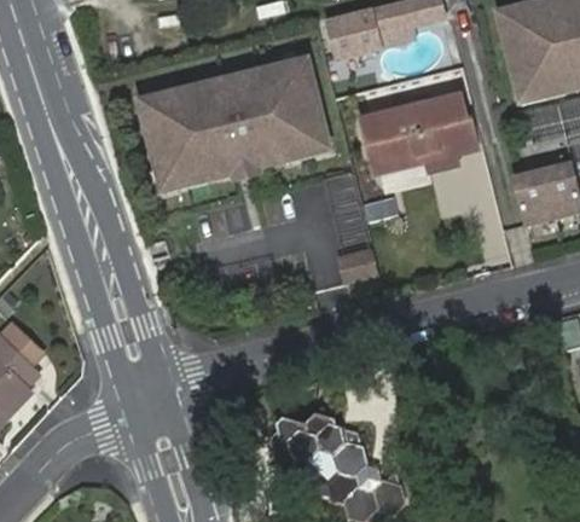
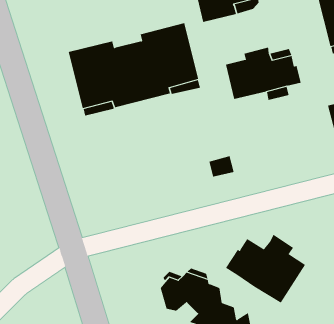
building: none -> [225,234,306,304]

